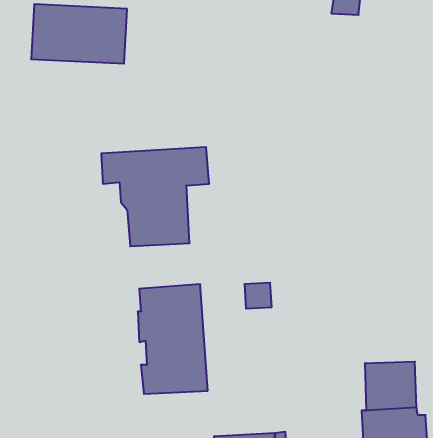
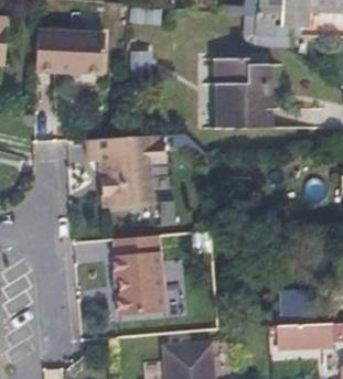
building: none -> [213,61,270,128]

